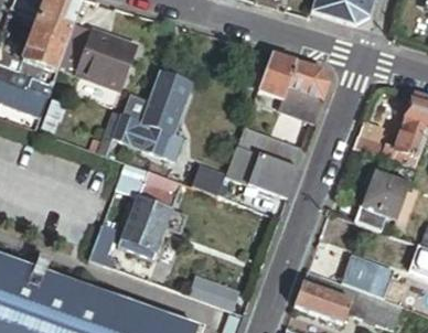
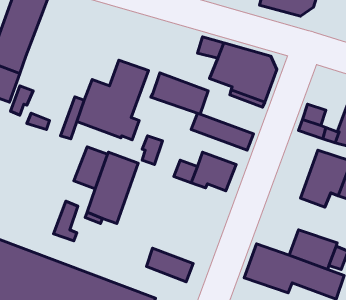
building: [58,24,136,90] -> none
building: none -> [151,73,208,114]

